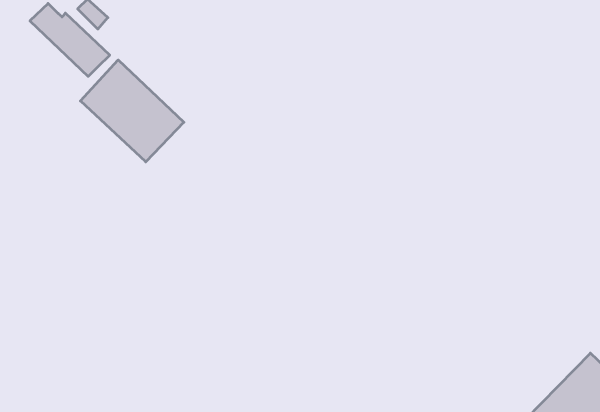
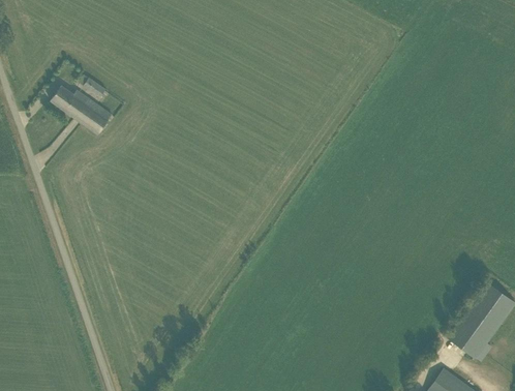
building: [80,60,184,162] -> none

